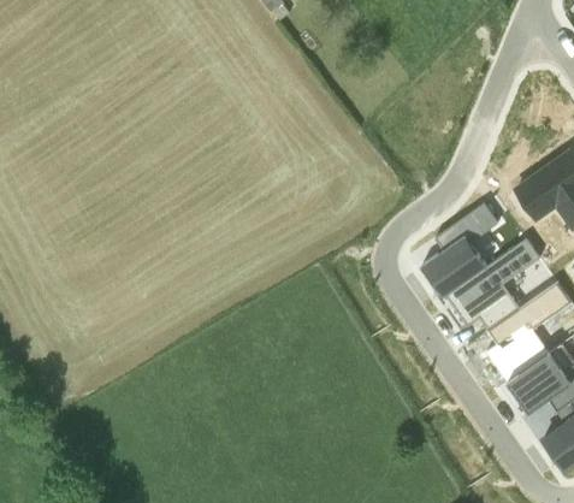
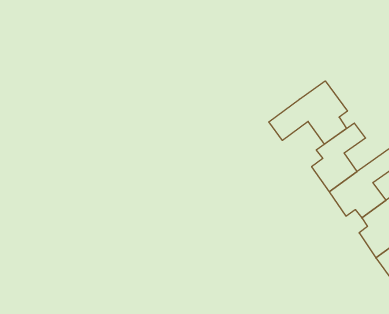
building: none -> [269,81,347,144]

